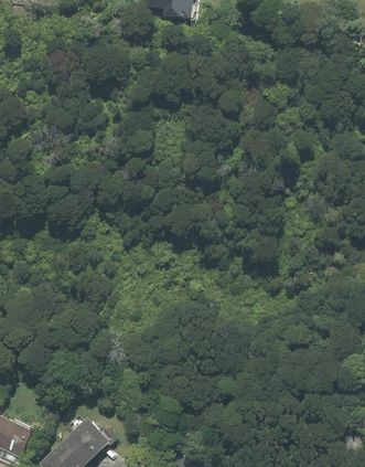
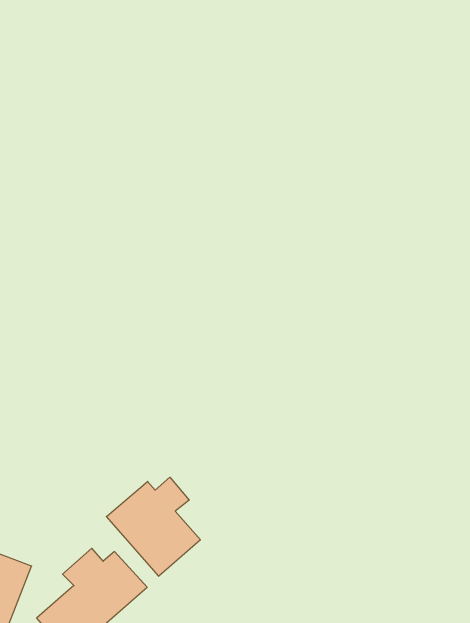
building: none -> [106,477,200,576]

